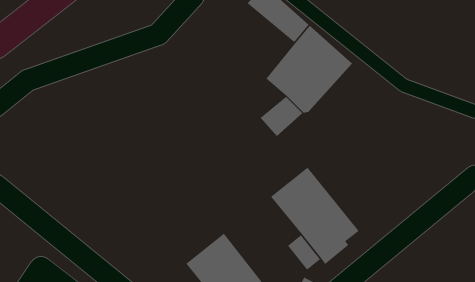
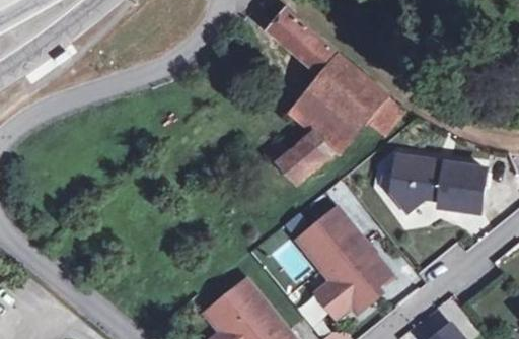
building: none -> [391,156,484,211]

